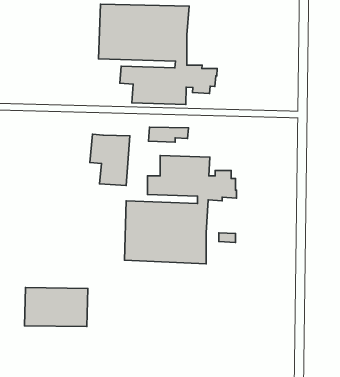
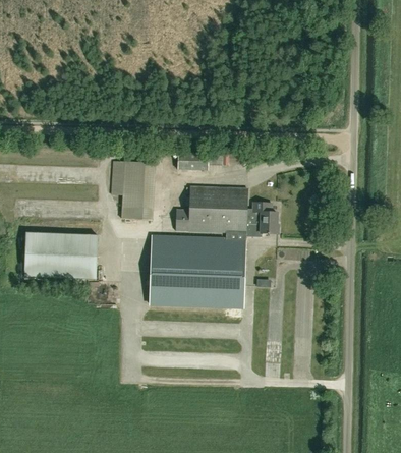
building: [98,4,217,105] -> none
building: [25,287,88,327] -> [24,233,97,278]

